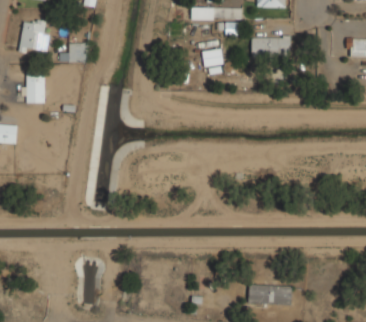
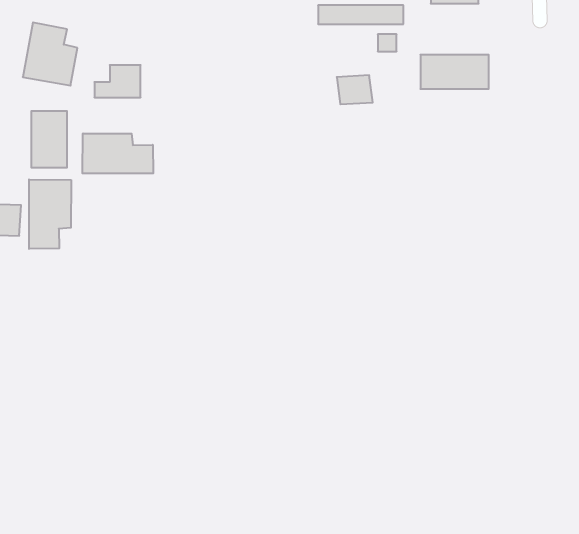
building: none -> [82,133,153,173]
building: none -> [29,179,71,249]
building: [249,286,292,304] -> none

